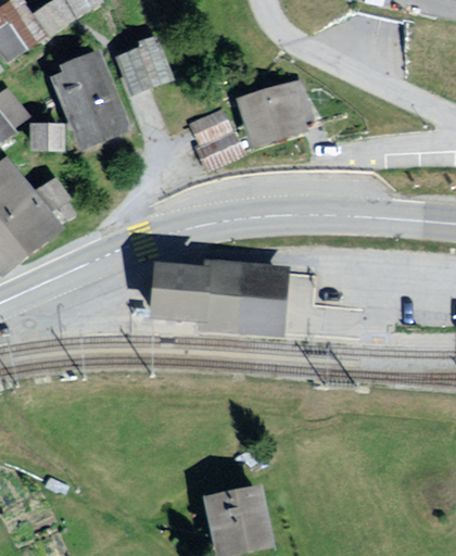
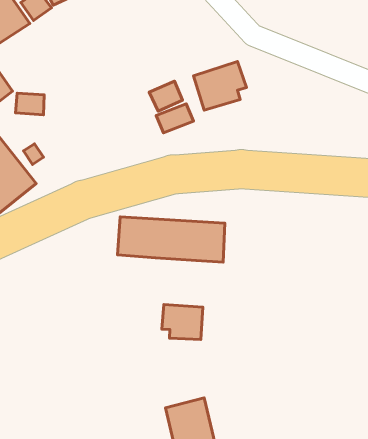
building: [118,41,169,94] -> none
building: [54,53,125,140] -> none
building: none -> [162,304,203,339]

